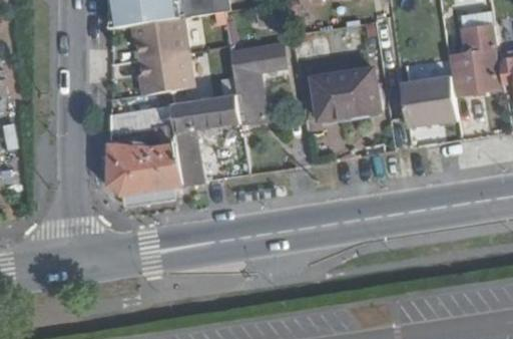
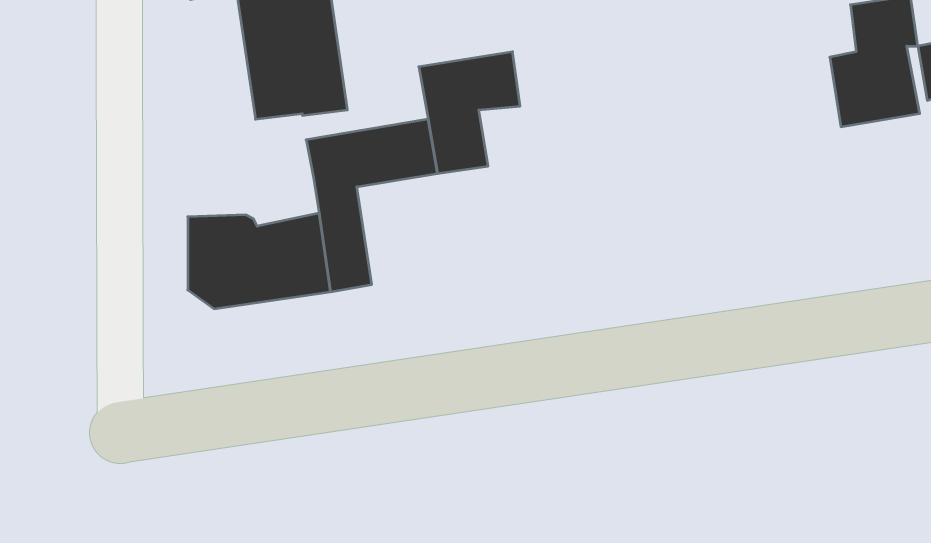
building: [314,70,380,121] -> none
building: [401,78,458,129] -> none
building: [107,103,174,135] -> none

